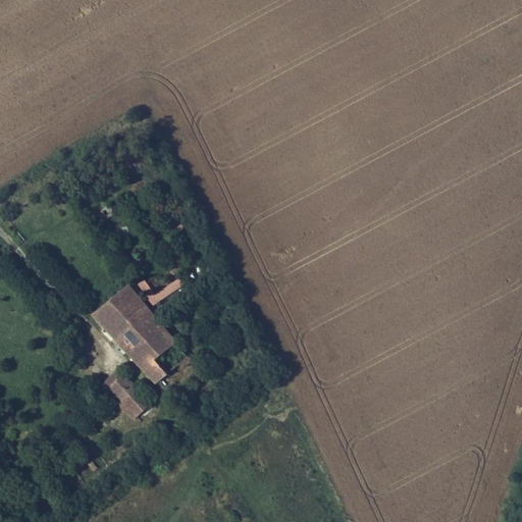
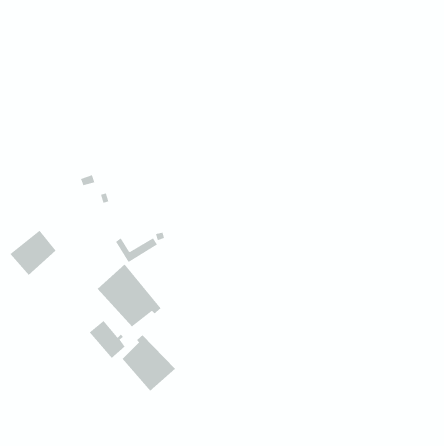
building: [91,283,146,337] -> [9,230,56,276]
building: none -> [122,334,176,391]

